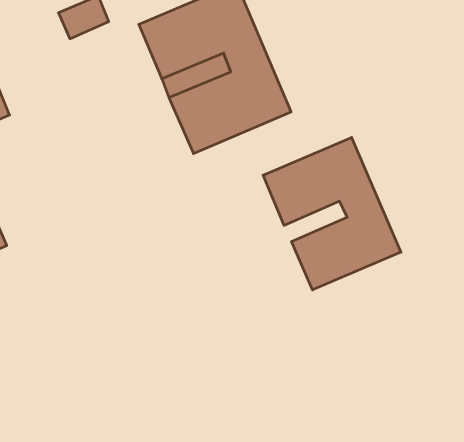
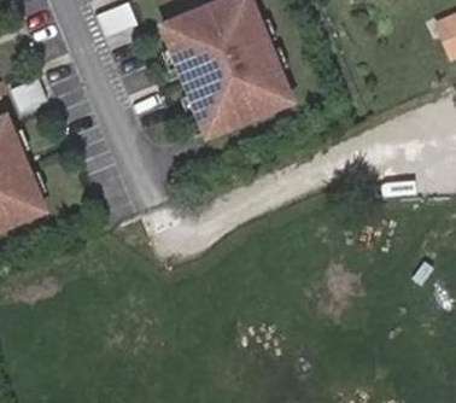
building: [263,137,401,290] -> none

